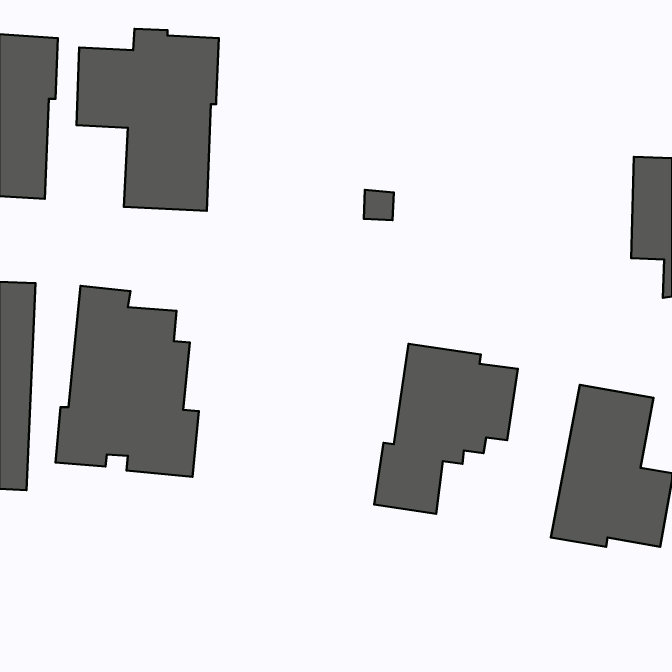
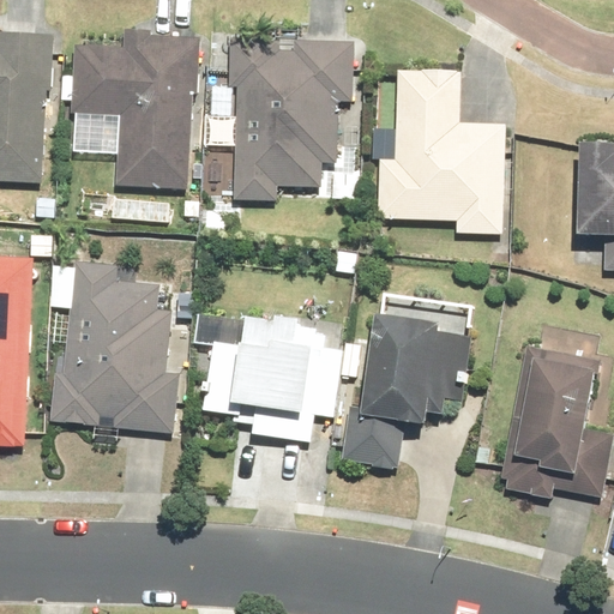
building: none -> [230,32,357,198]
building: none -> [378,70,505,234]
building: none -> [201,315,326,444]

